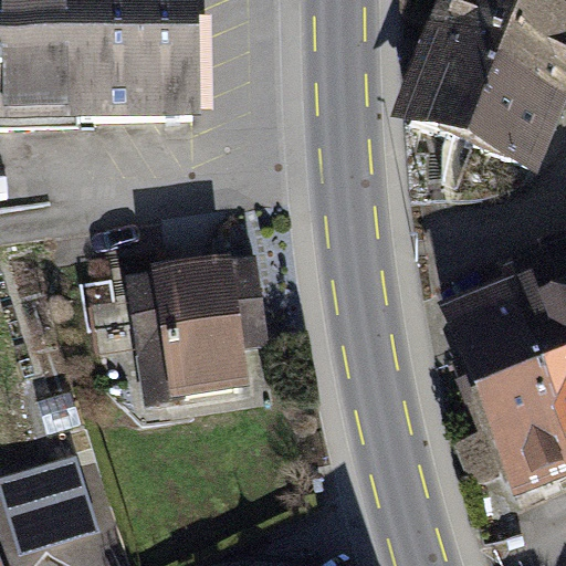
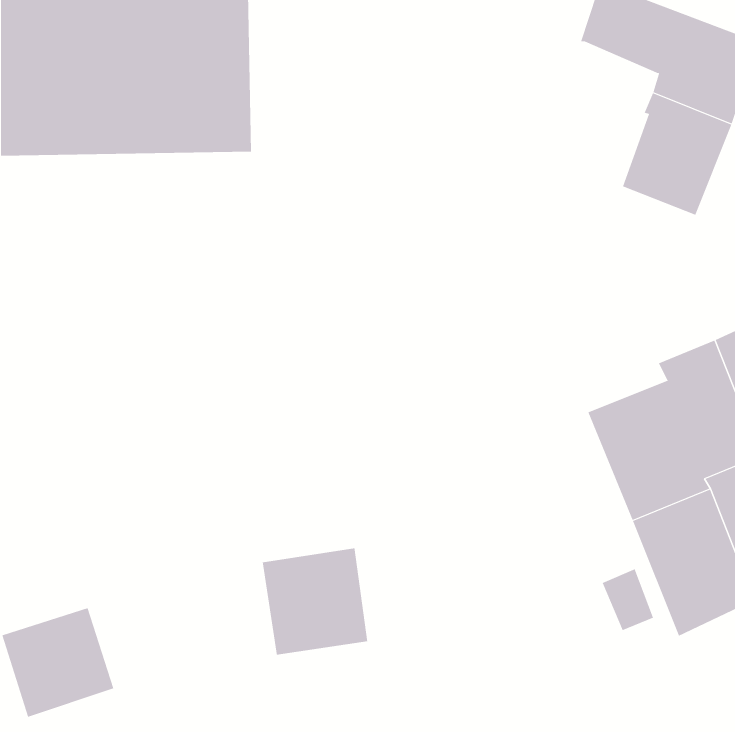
building: [416,32,506,143] -> none
building: [138,266,264,397] -> none
building: none -> [262,547,368,656]

